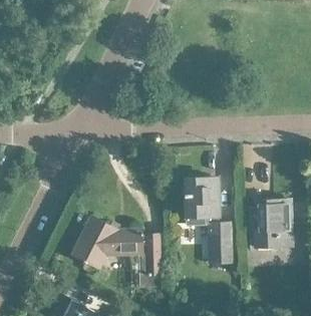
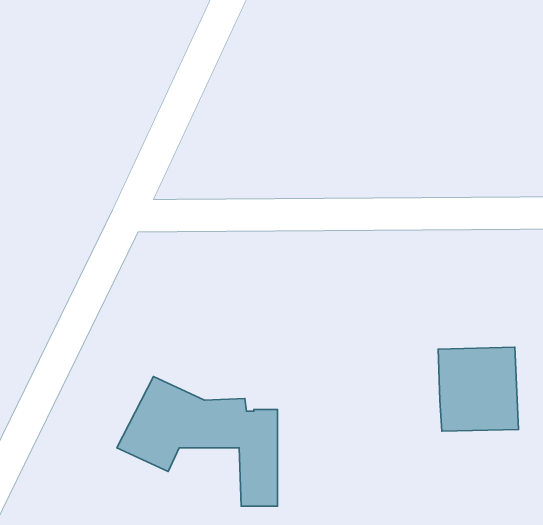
building: [185,178,235,265] -> none

